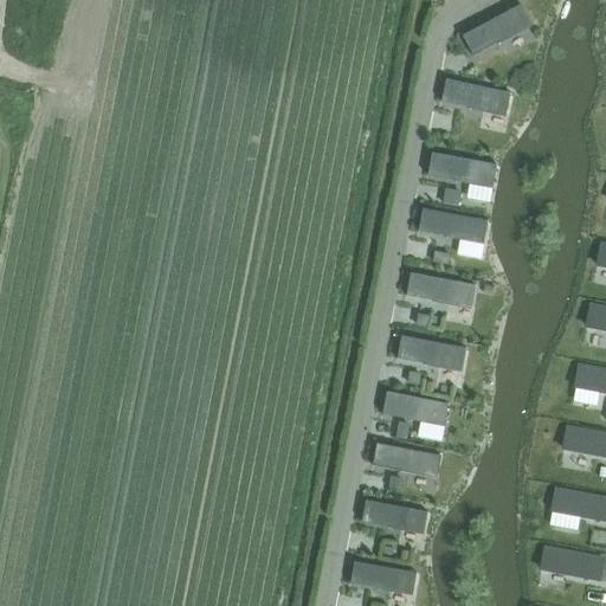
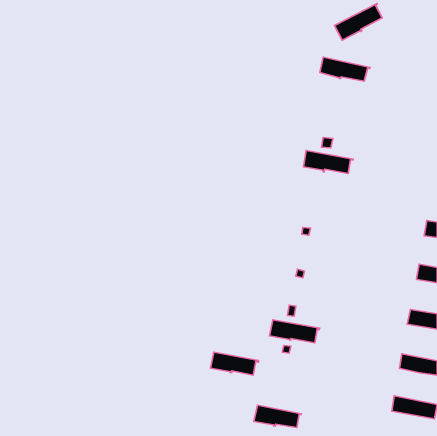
building: [428,153,498,185] -> none
building: [407,272,476,305] -> none
building: [399,336,468,368] -> none
building: [383,392,450,424] -> none
building: [362,499,428,531] -> [211,352,258,375]

